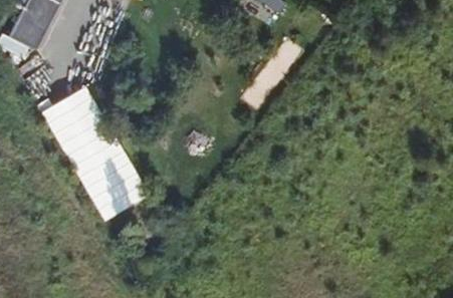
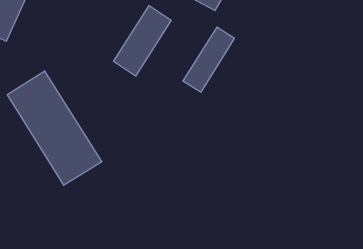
building: none -> [113,6,171,76]

